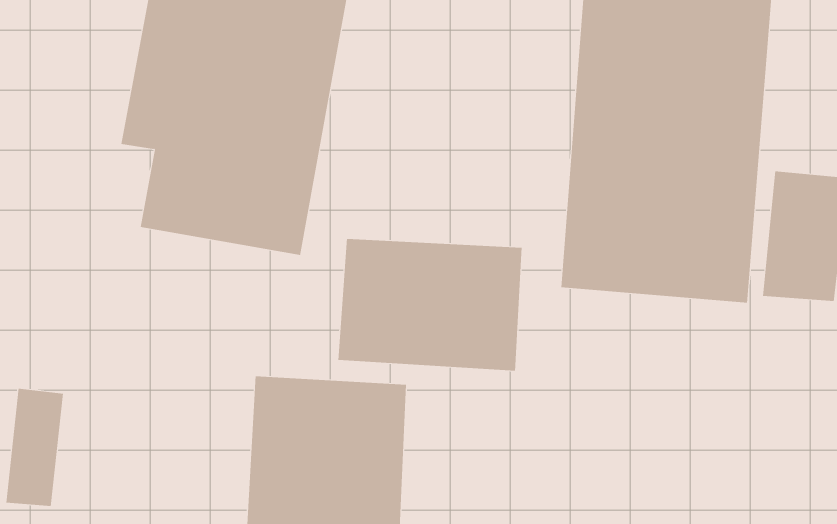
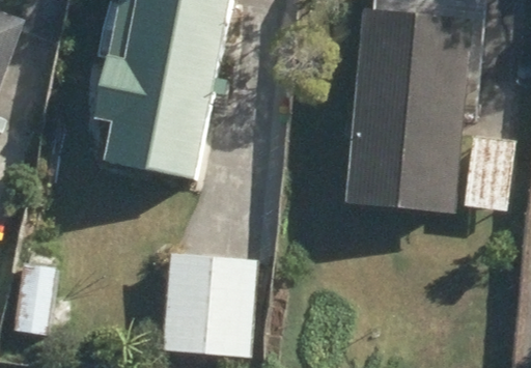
building: [338,238,522,371] -> none

